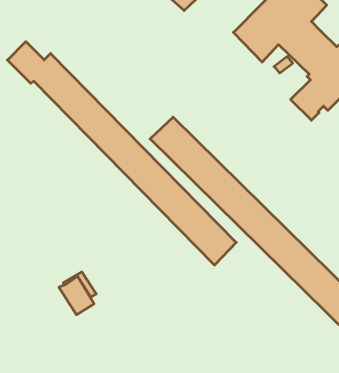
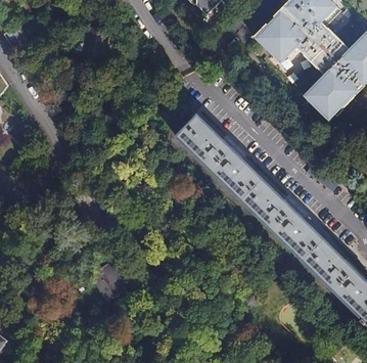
building: [7,42,236,265] -> none

